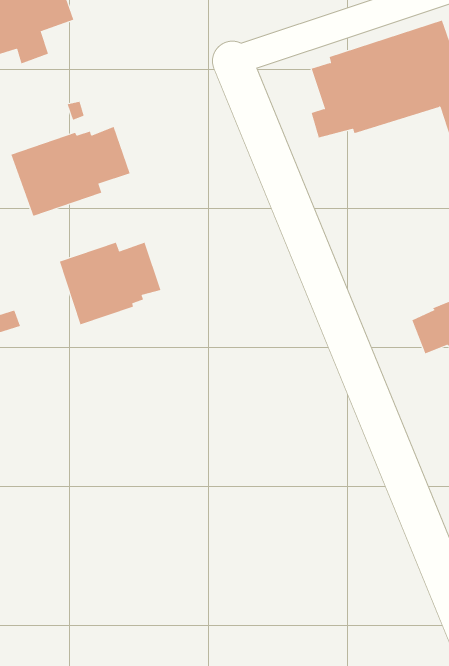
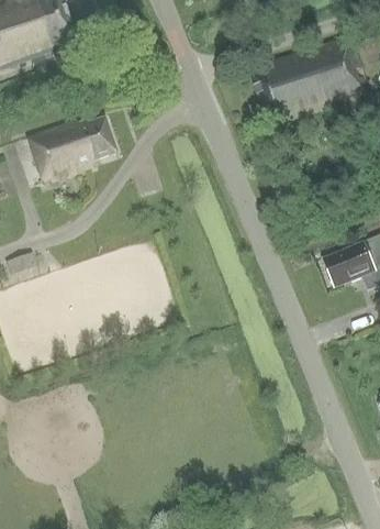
building: [59,242,161,325] -> none

